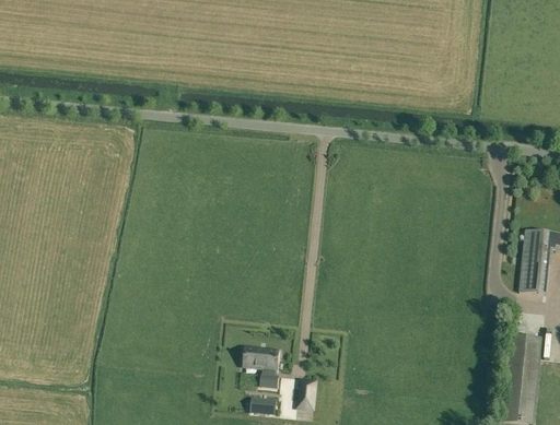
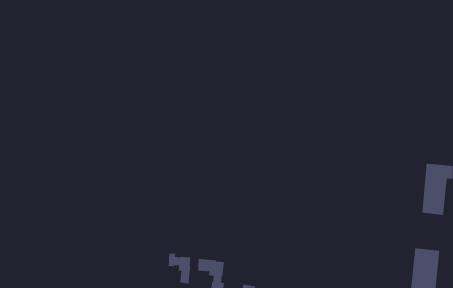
building: none -> [168,253,191,284]

